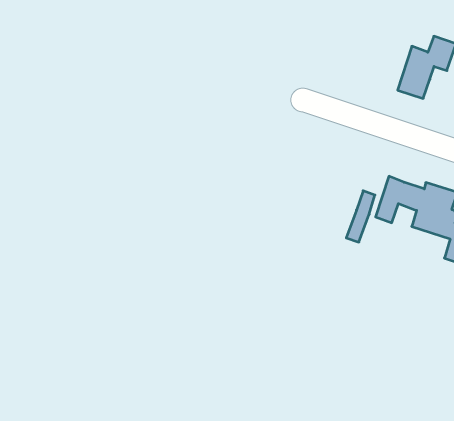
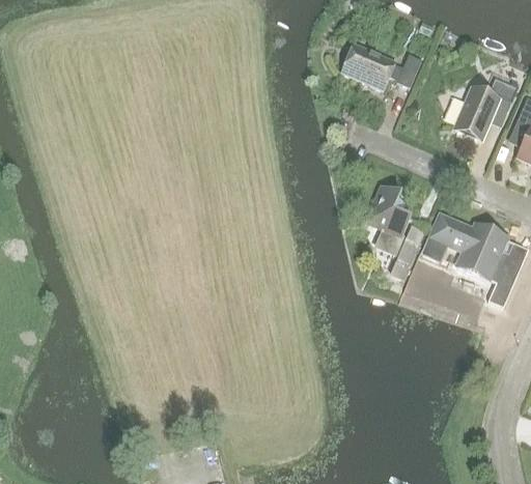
building: none -> [340,44,421,90]
building: none -> [367,187,412,256]

